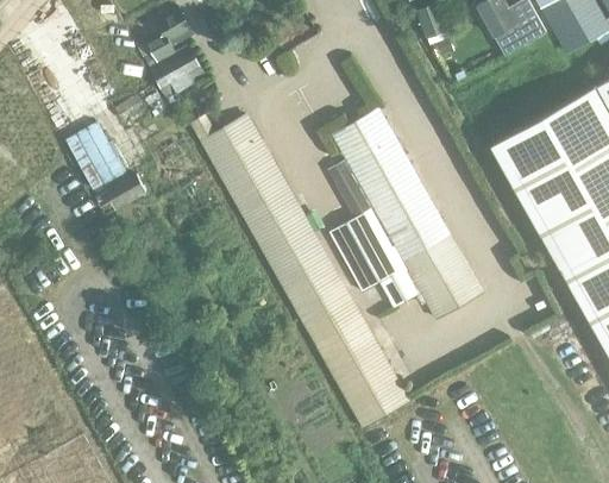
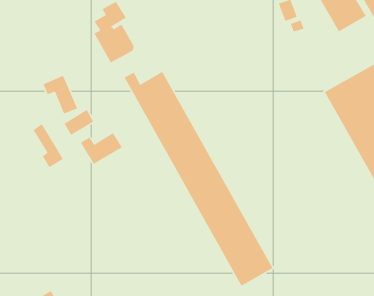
building: [328,108,485,320] -> none
building: none -> [32,123,64,168]
building: none -> [80,132,123,165]

